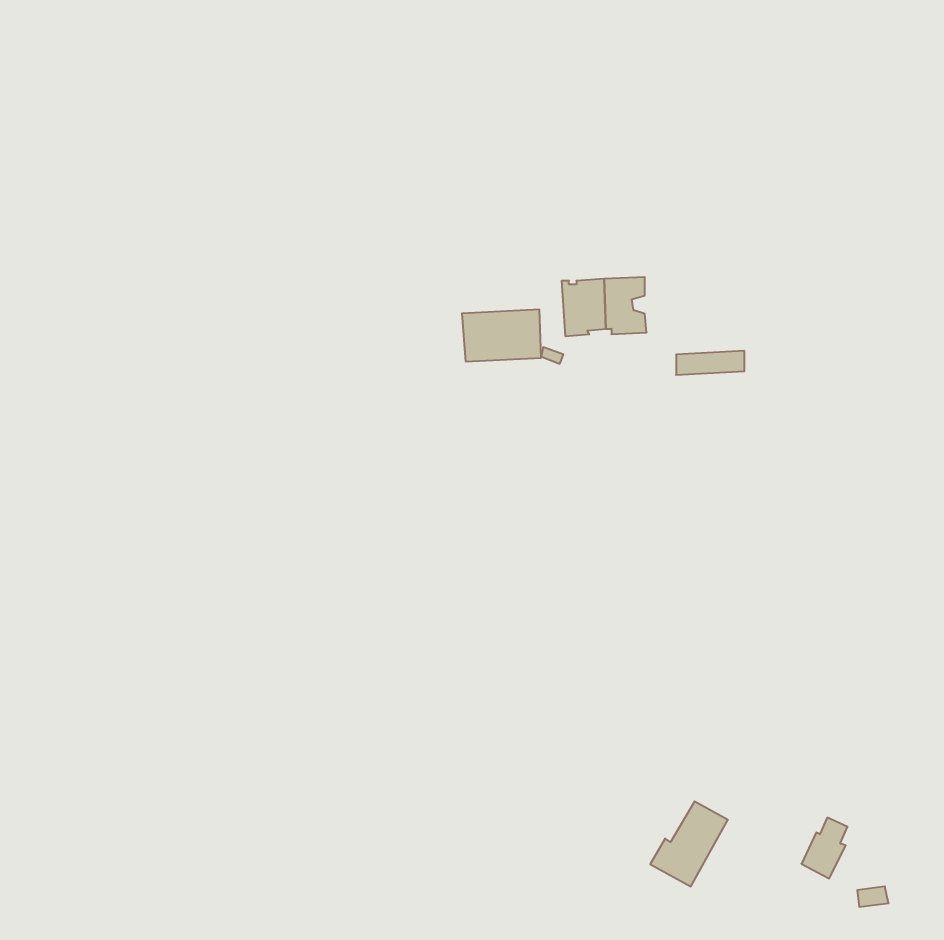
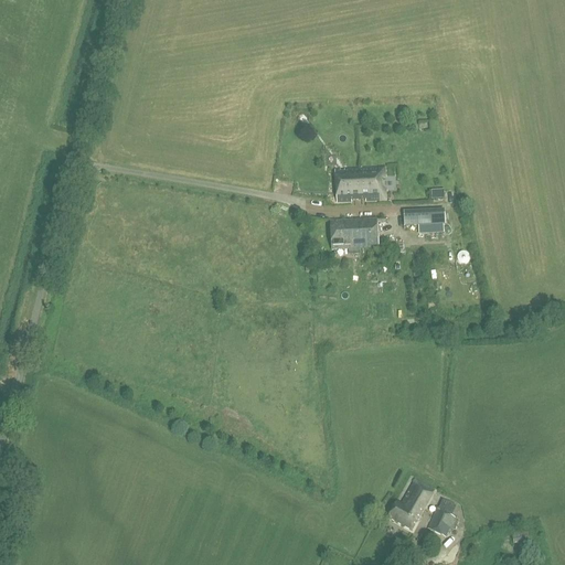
building: [462,310,541,361] -> [330,217,377,248]
building: [801,818,848,879] -> [428,499,456,535]

